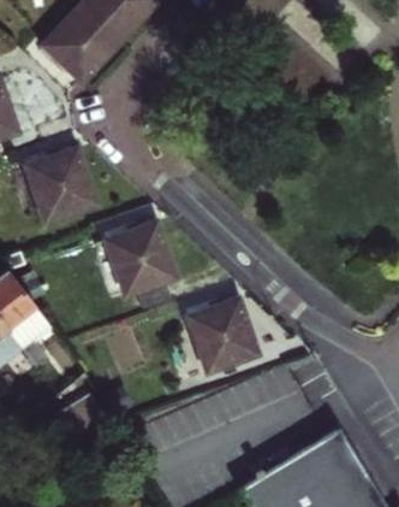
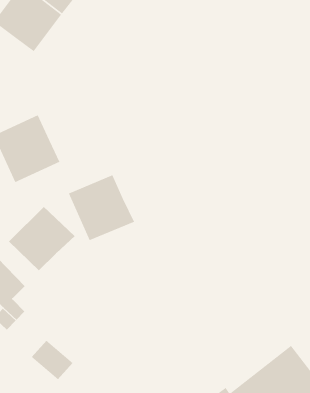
building: none -> [8,206,75,271]
building: [191,297,261,369] -> none

